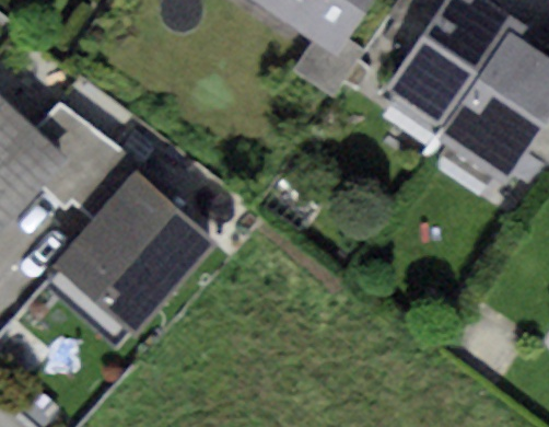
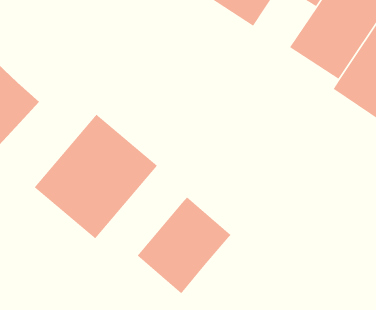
building: [34,97,130,211] -> none
building: none -> [137,196,232,294]

